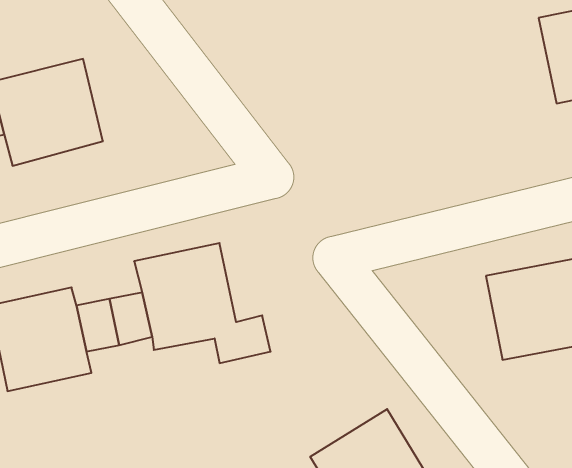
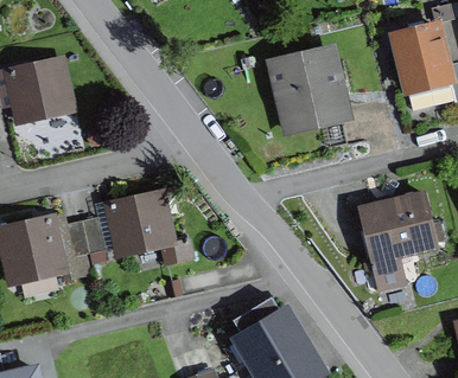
building: none -> [268,37,354,129]

